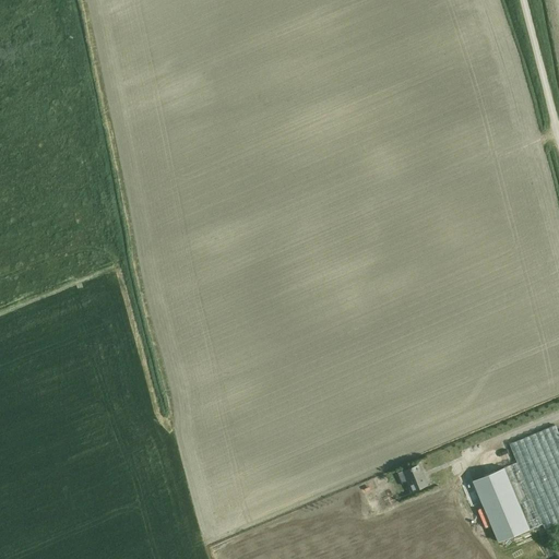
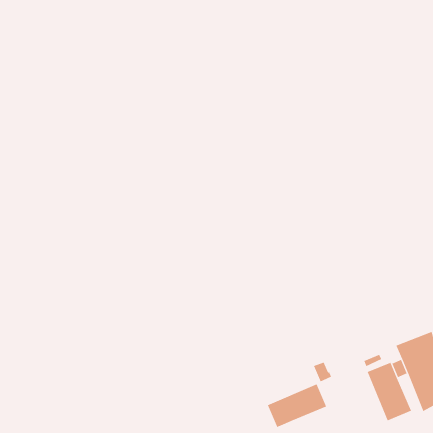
building: none -> [267,384,327,428]

